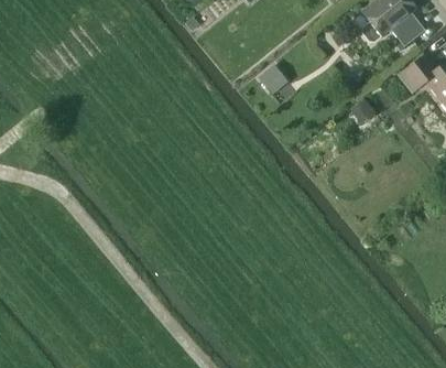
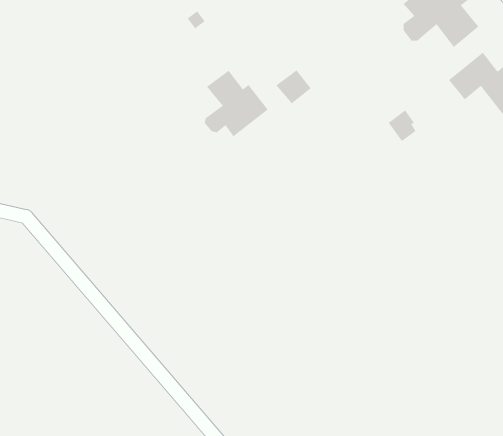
building: none -> [204,70,268,137]

